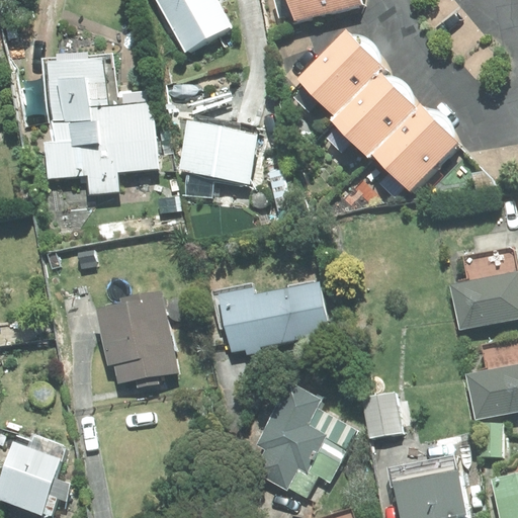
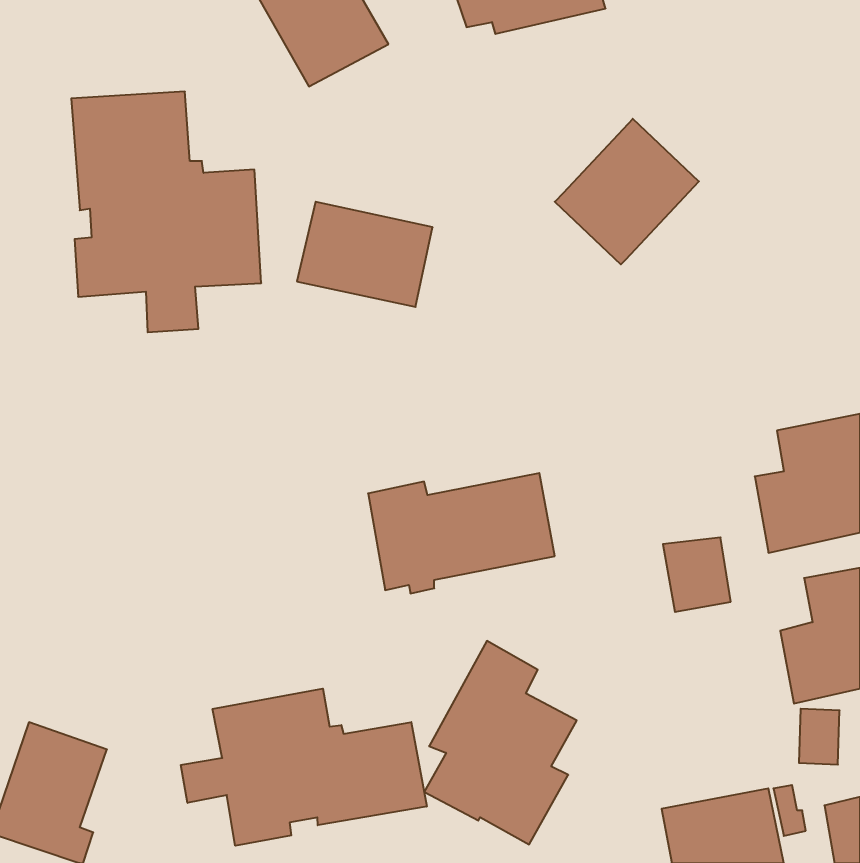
building: [297,31,381,115] -> none
building: [373,105,458,198] -> none
building: [98,292,177,382] -> none
building: [361,394,402,438] -> [663,537,731,612]
building: none -> [181,689,427,846]

